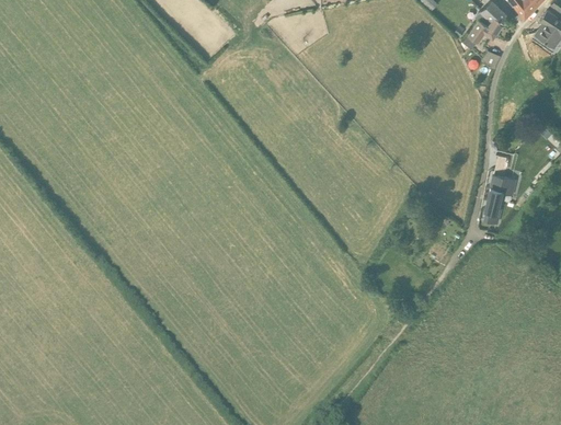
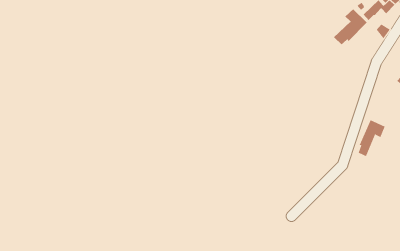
building: none -> [333,8,368,45]

